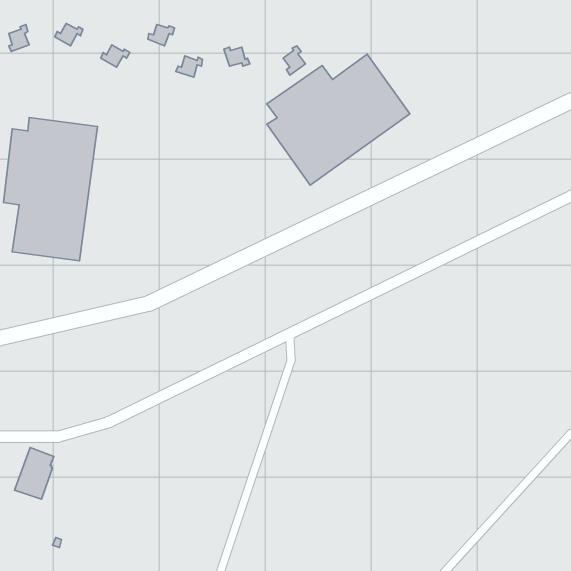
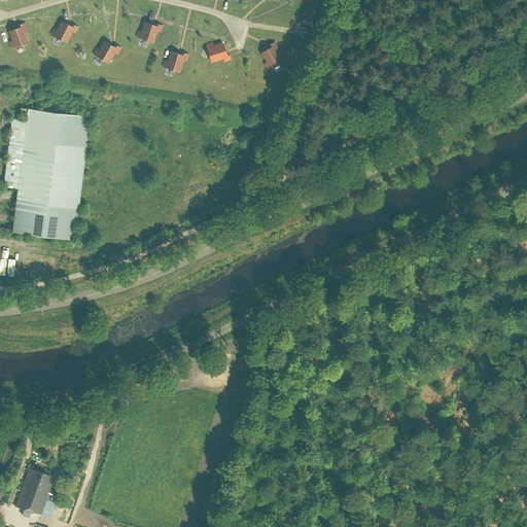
building: [267,54,410,185] -> none
building: [14,448,54,499] -> [14,468,50,516]

